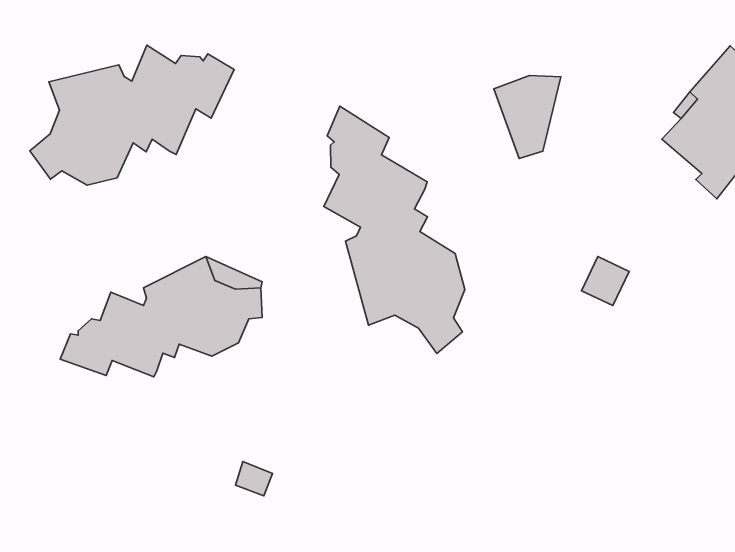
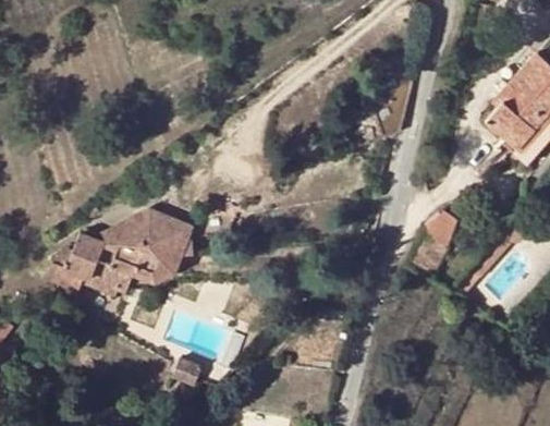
building: [30,45,234,185] -> none
building: [324,106,465,353] -> none

